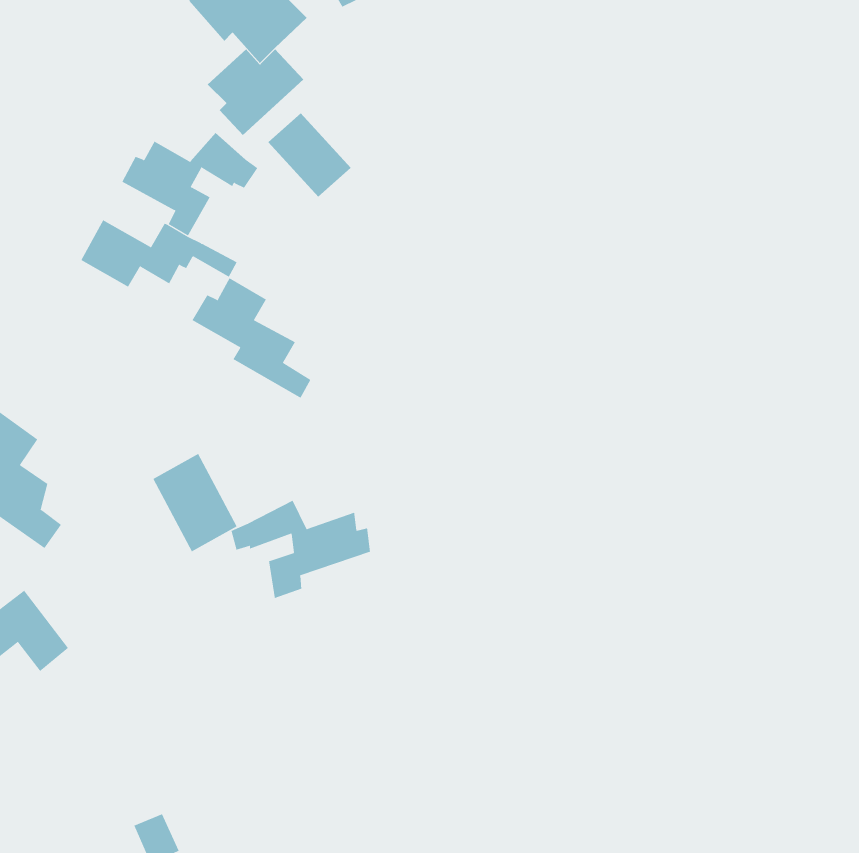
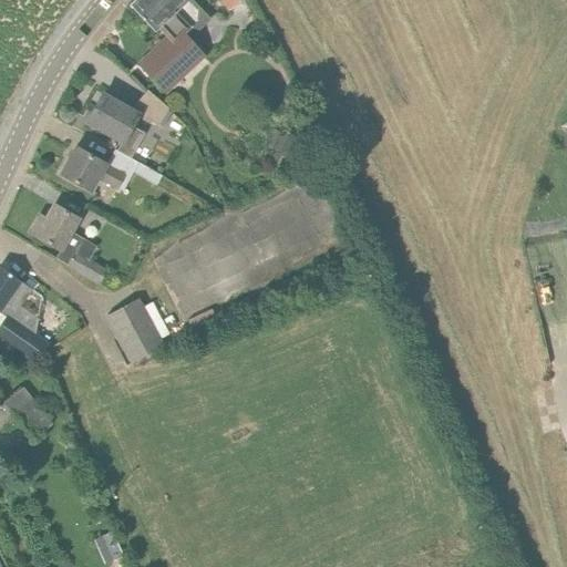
building: [267,113,352,198] -> none
building: [192,277,311,399] -> [29,204,106,282]
building: [231,500,371,599] -> none

